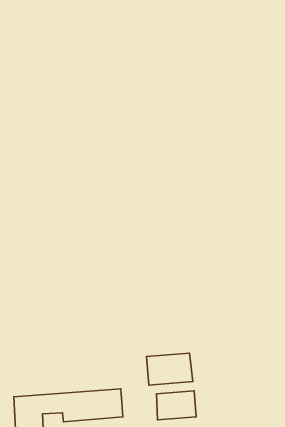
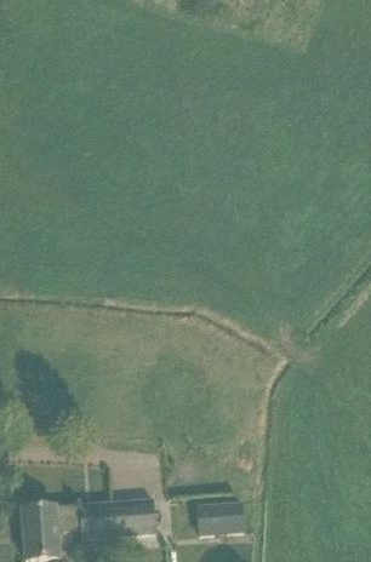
building: [147,353,193,385] -> none

